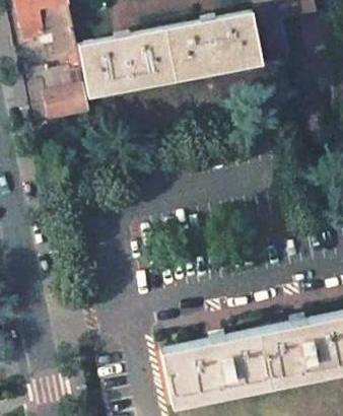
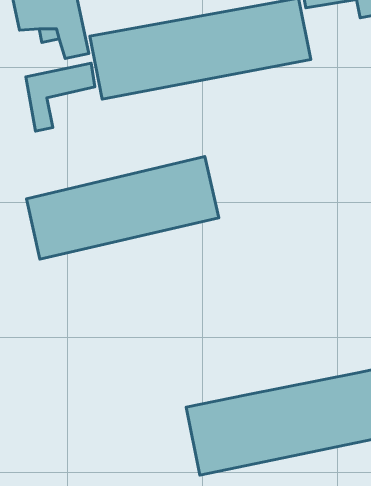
building: [46,86,90,120] -> none
building: none -> [27,156,219,259]

